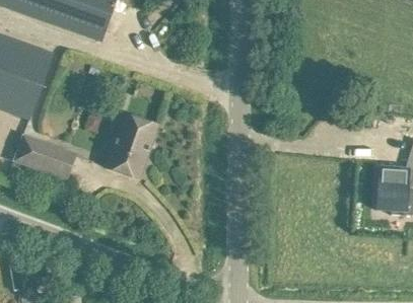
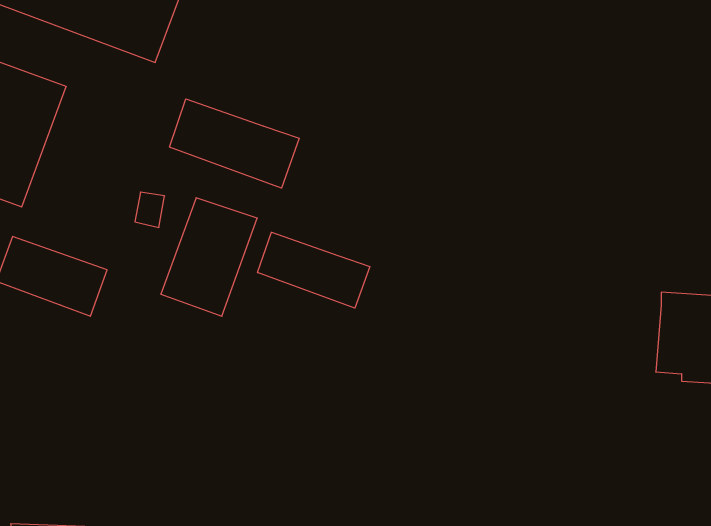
building: none -> [169,99,299,188]
building: none -> [258,232,370,308]

